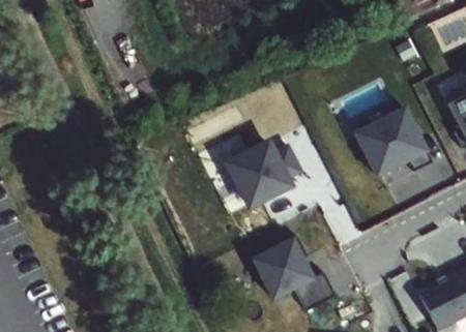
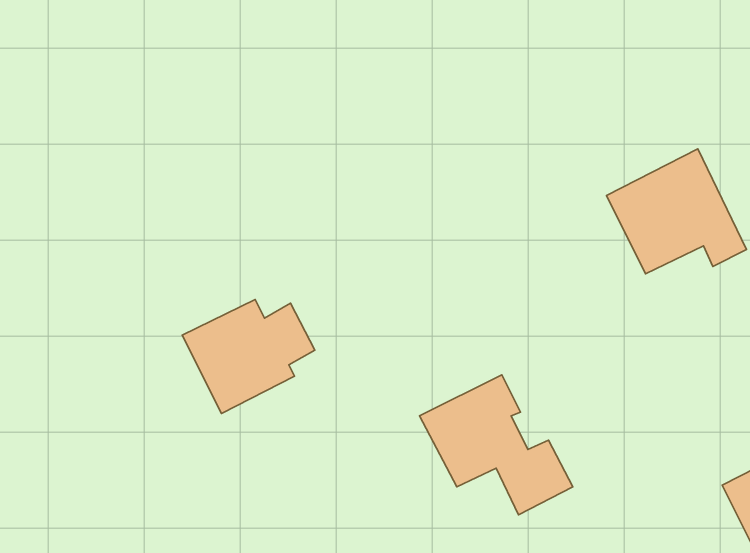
building: [229,141,302,204] -> [182,300,315,414]

